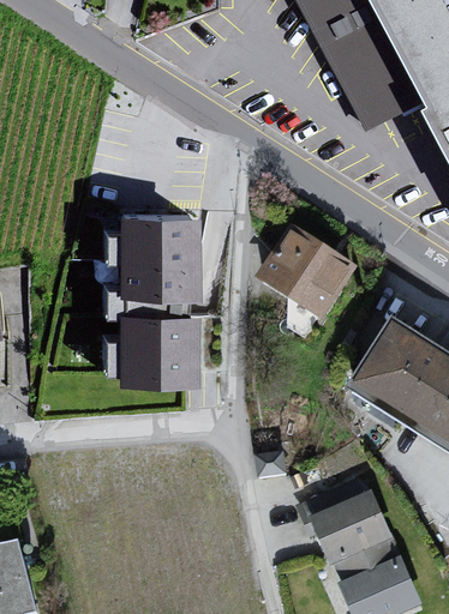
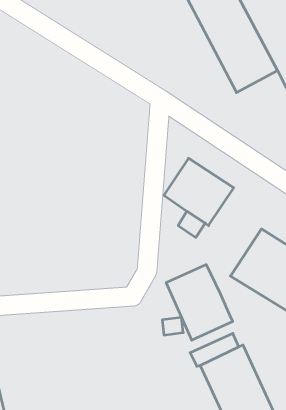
building: [106,212,199,383] -> none
building: none -> [166,265,233,340]

